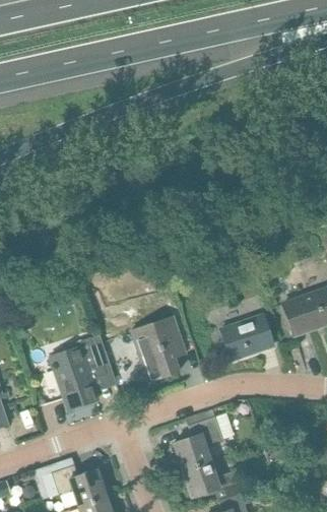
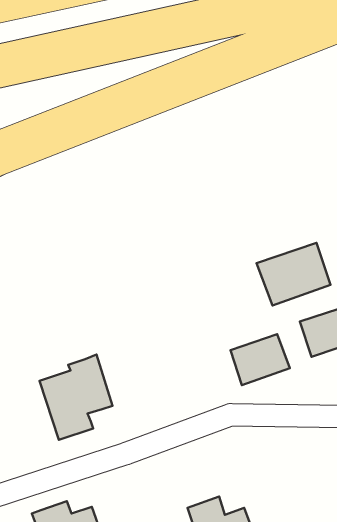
building: none -> [256,243,330,305]
building: [131,316,181,382] -> none
building: [174,417,223,470] -> none

